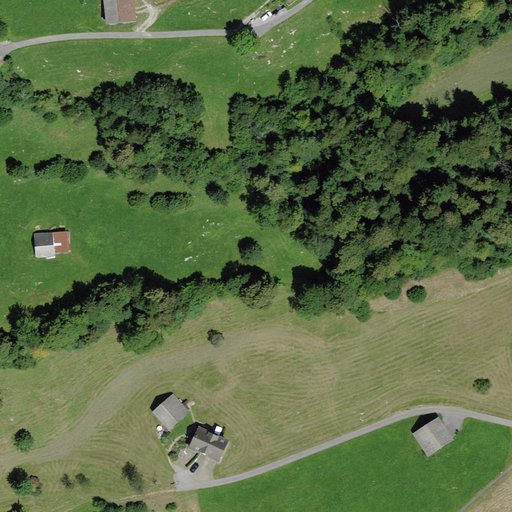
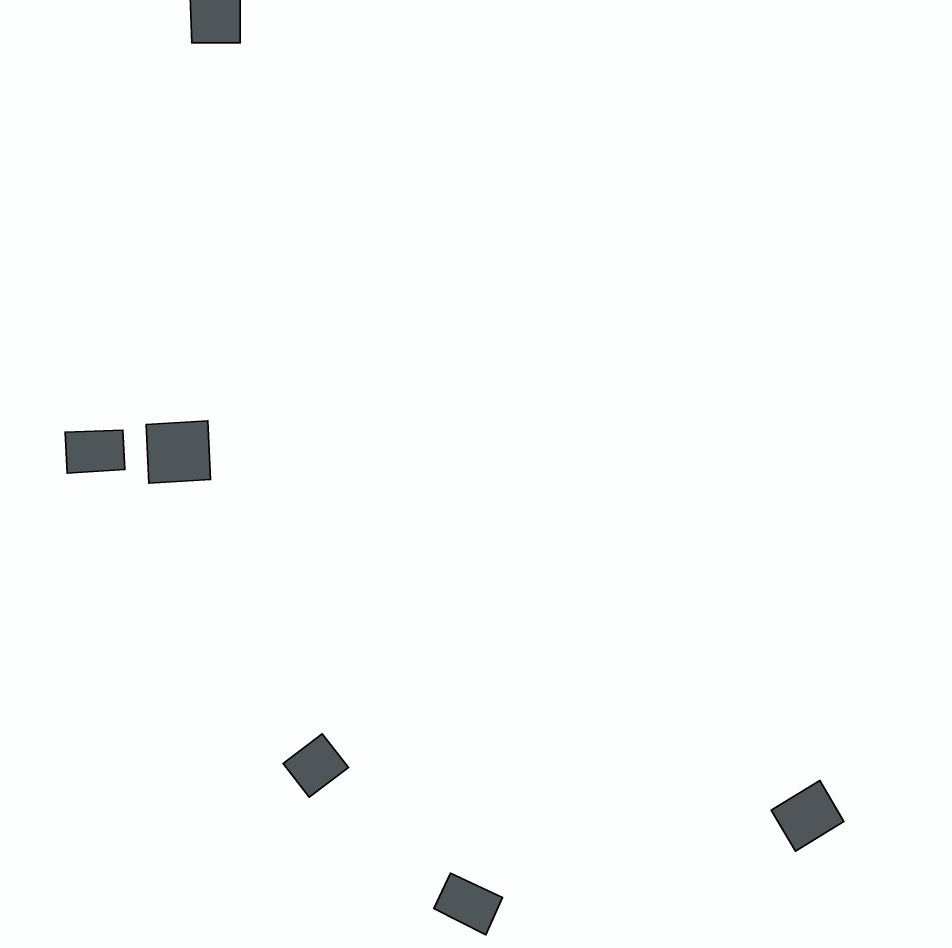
building: none -> [146,421,210,483]
building: [191,426,228,459] -> [434,873,503,935]

